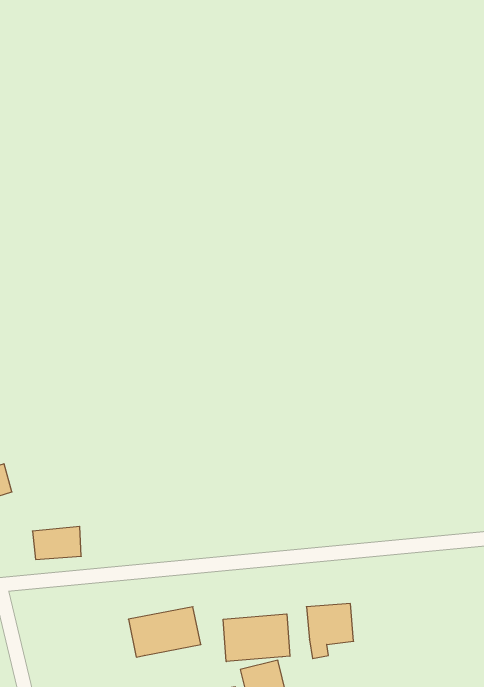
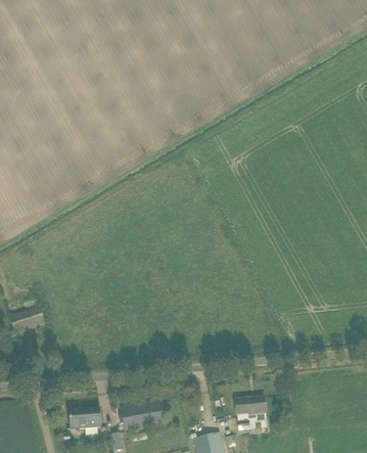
building: [32,526,81,559] -> [70,405,101,426]
building: [223,614,290,662] -> none

